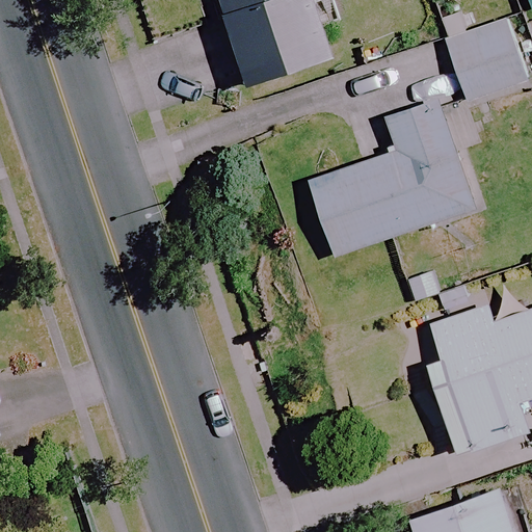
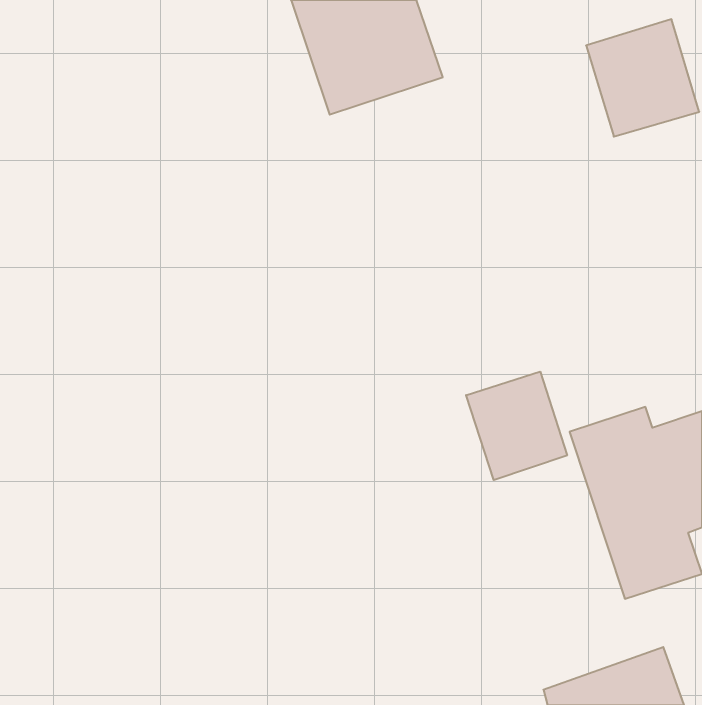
building: [311,101,472,256] -> none
building: none -> [466,372,567,480]

